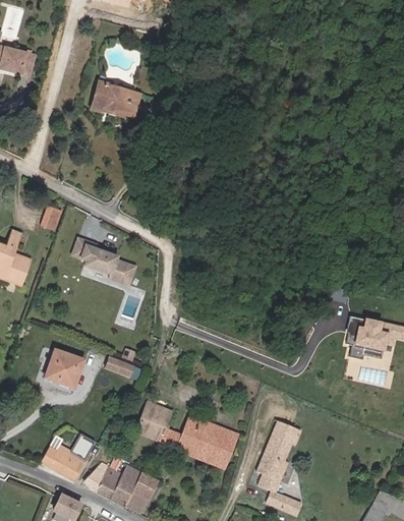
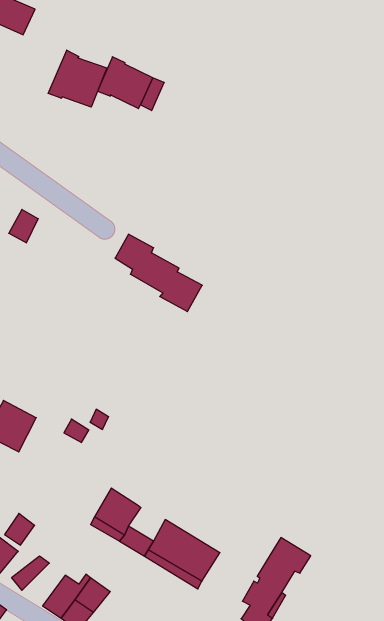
building: none -> [48,50,107,107]
building: [69,236,137,287] -> [115,234,202,312]
building: [92,465,122,498] -> none

